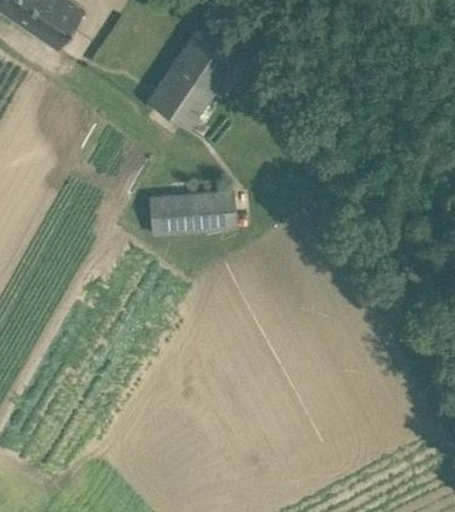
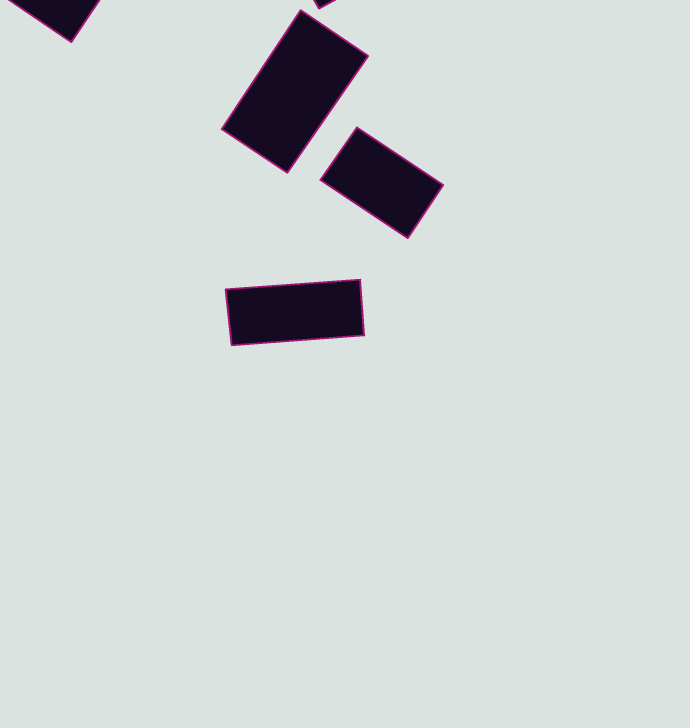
building: none -> [320,127,443,238]

